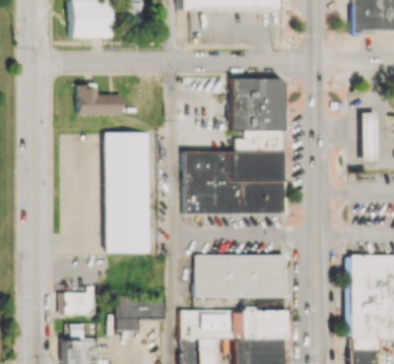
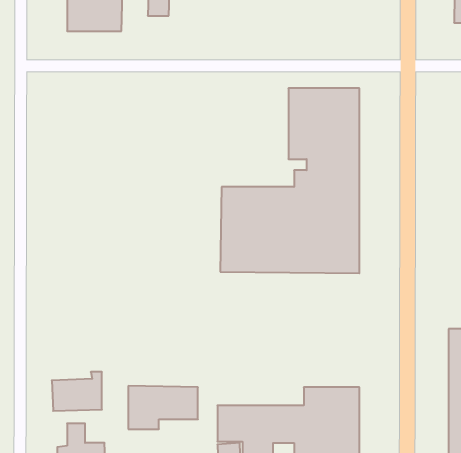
building: [77,84,122,115] -> none
building: [105,132,151,253] -> none
building: [194,255,284,297] -> none

